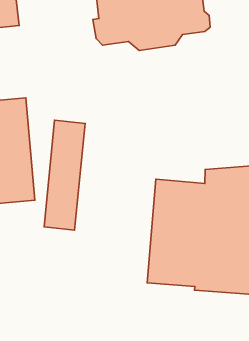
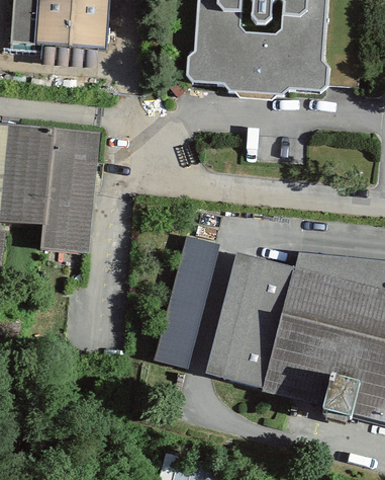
building: [44,120,85,230] -> [153,232,222,367]

